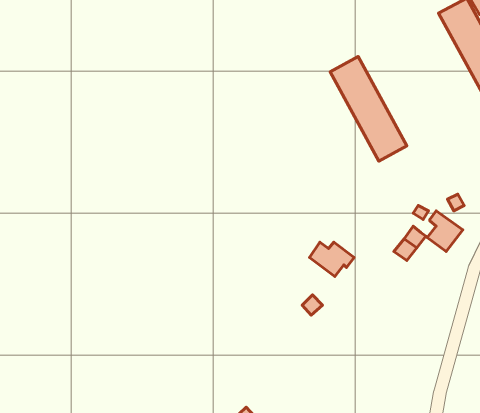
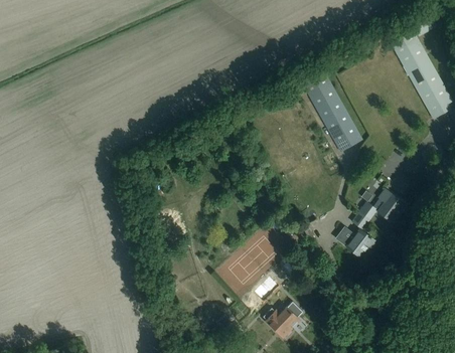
building: [309,242,354,276] -> [339,229,374,256]
building: none -> [263,302,302,337]

